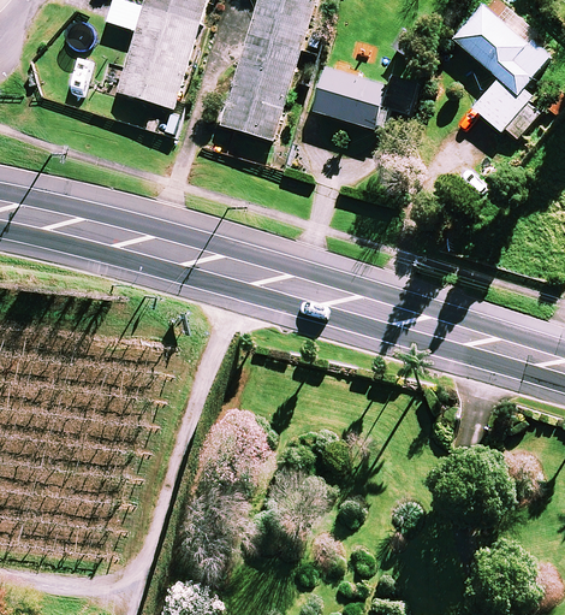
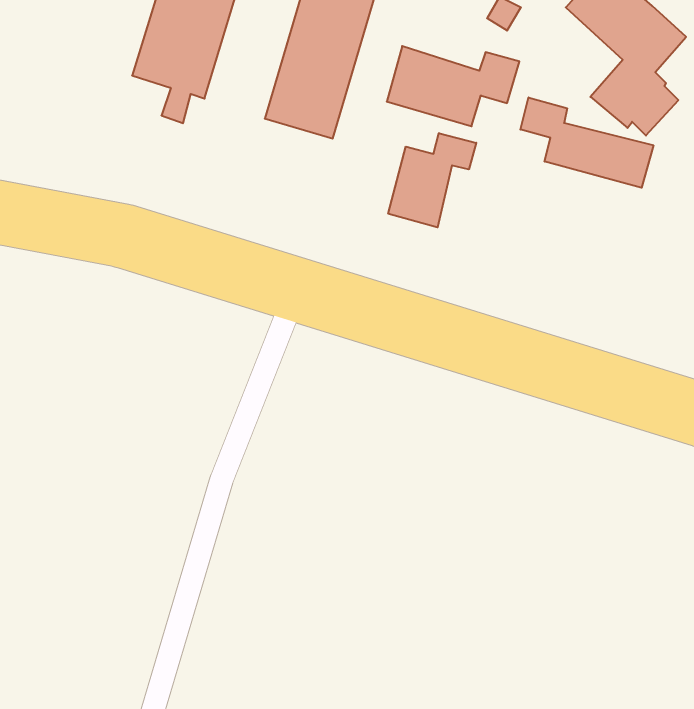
building: none -> [520,97,653,188]
building: none -> [388,133,476,227]

